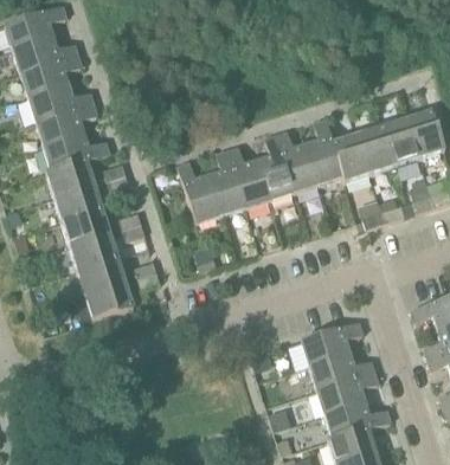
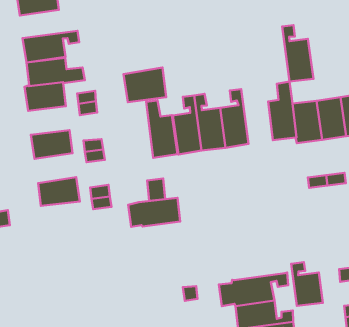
building: [30,83,94,120] -> none
building: none -> [123,67,166,102]
building: [277,130,320,190] -> [282,25,313,82]
building: [56,183,103,220] -> none
building: [71,232,118,270] -> none
building: [76,282,134,321] -> [128,198,180,227]
building: none -> [291,262,323,306]

